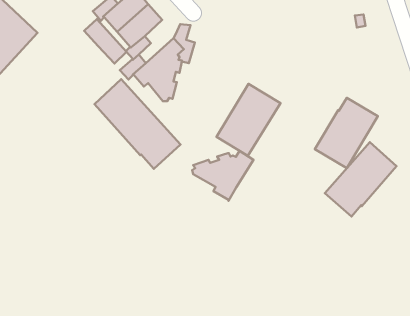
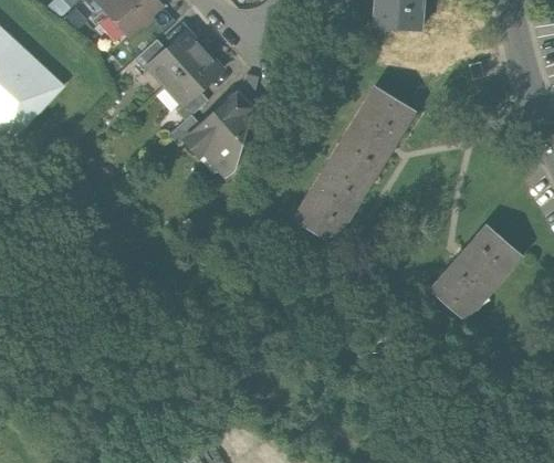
building: [84,19,126,64] -> none
building: [94,79,181,169] -> none
building: [315,98,378,168] -> [333,86,414,176]
building: [192,151,254,201] -> none

